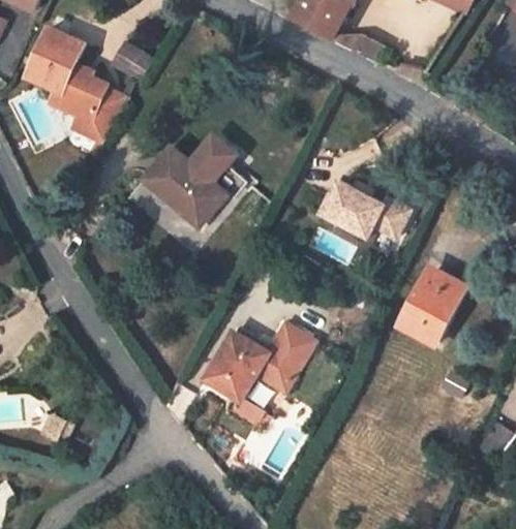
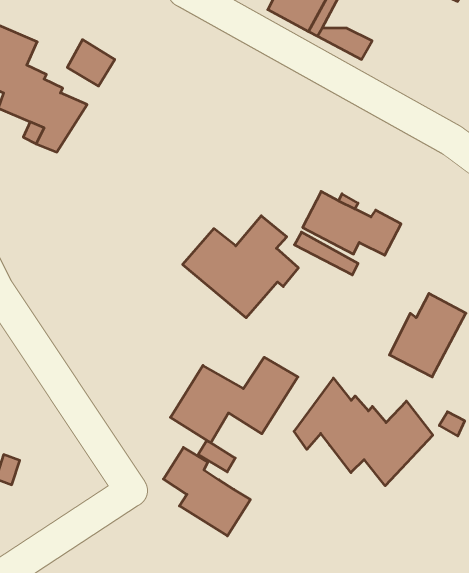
building: [140,136,243,227] -> [183,216,298,318]
building: none -> [294,378,433,486]
building: none -> [163,447,250,536]

